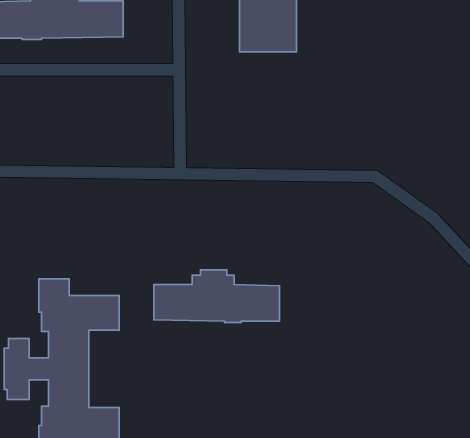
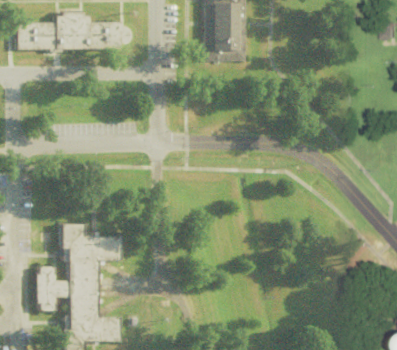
building: [154,270,280,322] -> none

